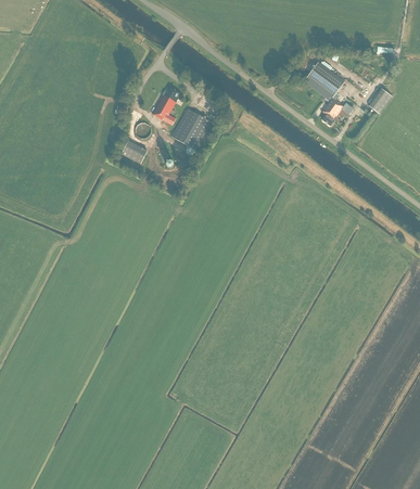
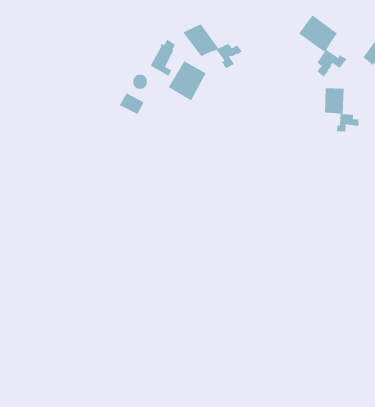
building: none -> [183,23,243,69]
building: none -> [325,87,359,132]

